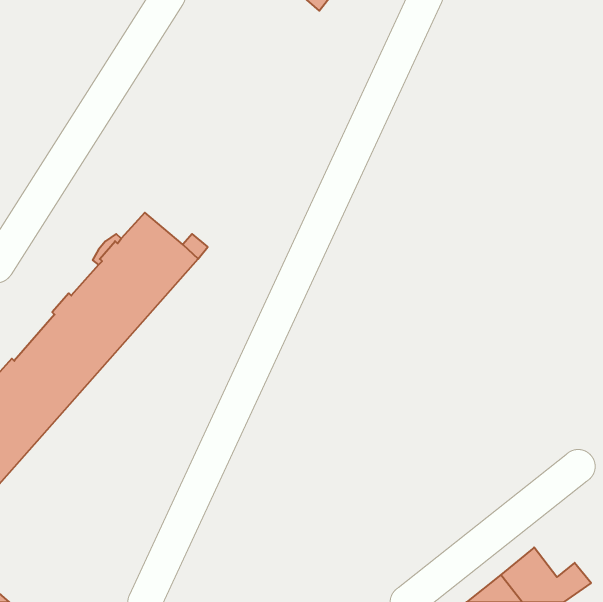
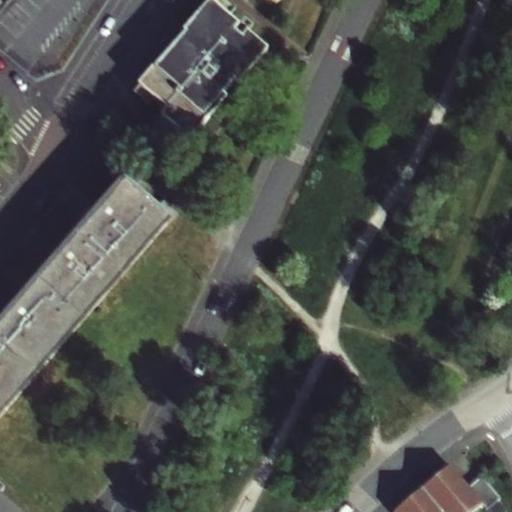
building: none -> [136,8,261,133]

